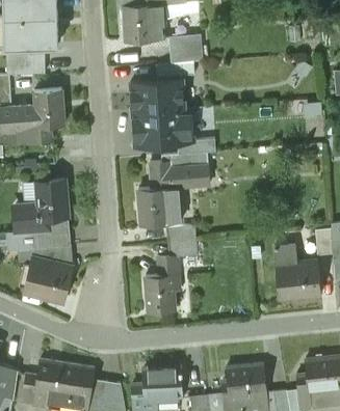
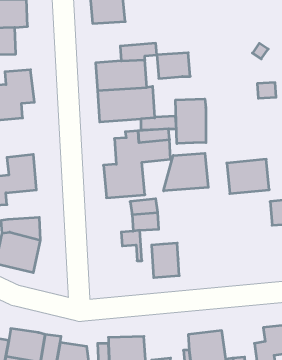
building: [166,37,202,64] -> [157,53,190,78]
building: none -> [176,99,206,144]
building: none -> [164,153,208,191]
building: [35,217,71,248] -> none
building: [276,262,320,298] -> [227,159,269,194]
building: [146,275,175,311] -> [152,243,179,278]

